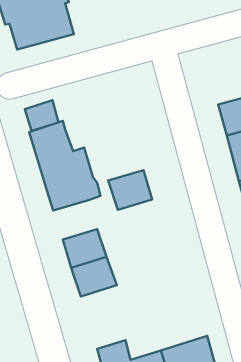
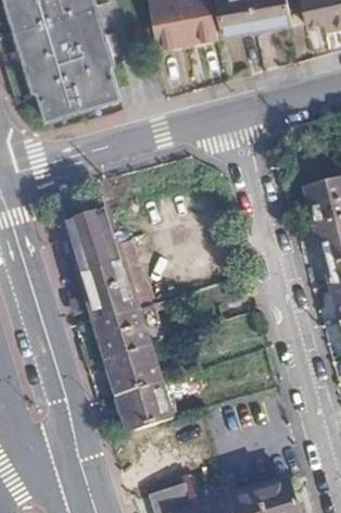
building: [25,100,58,131] -> none
building: [108,170,152,210] -> [92,308,148,358]

